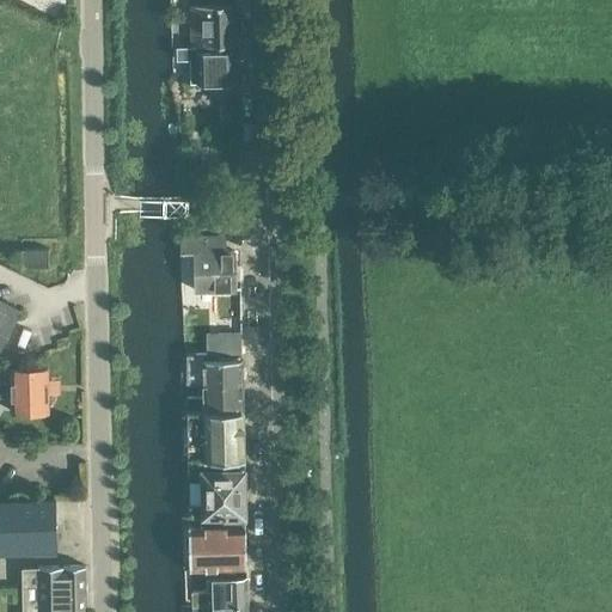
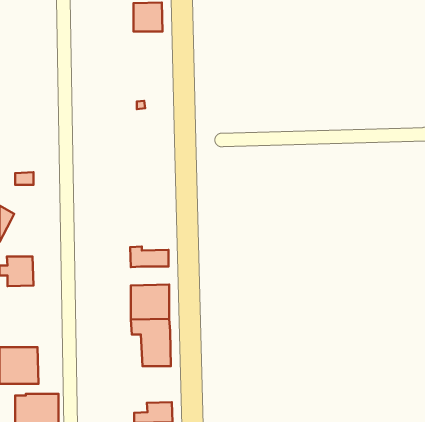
building: [196,55,233,88] -> none
building: [180,241,240,310] -> none
building: [203,338,238,361] -> none
building: [186,387,243,415] -> none
building: [189,531,245,574] -> none

